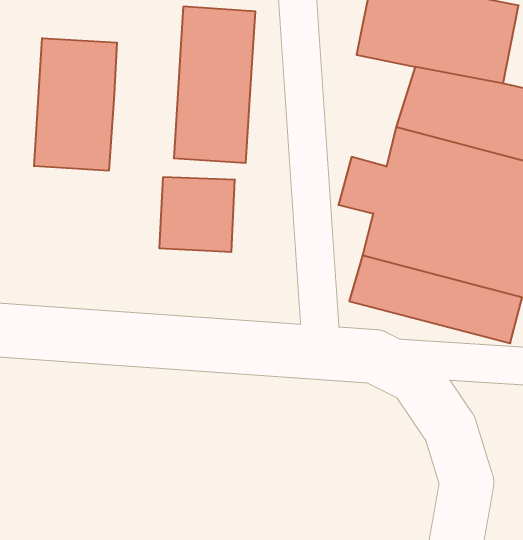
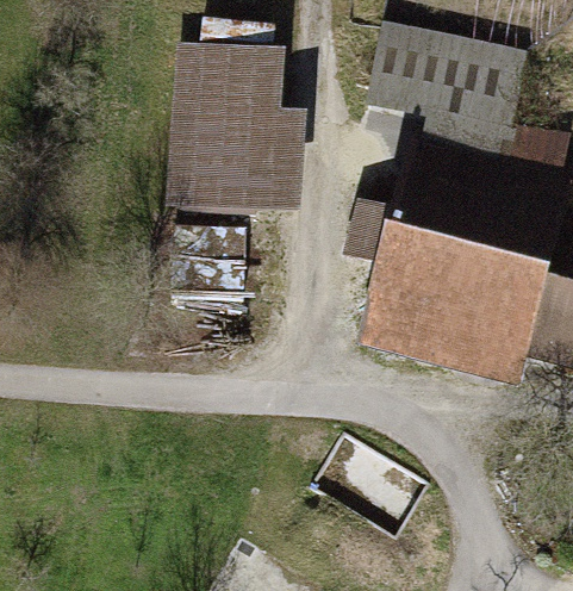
building: [34,38,117,171] -> none
building: none -> [255,111,309,207]

